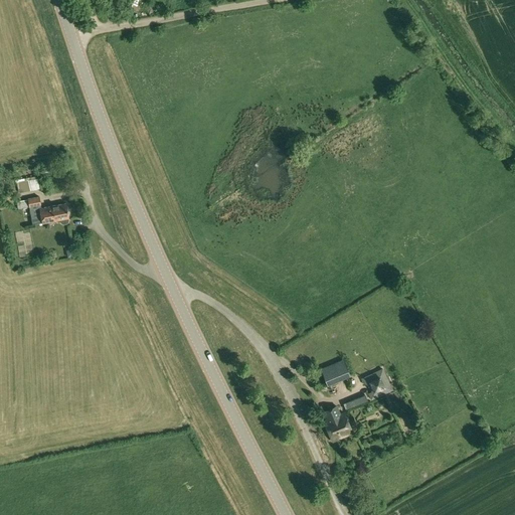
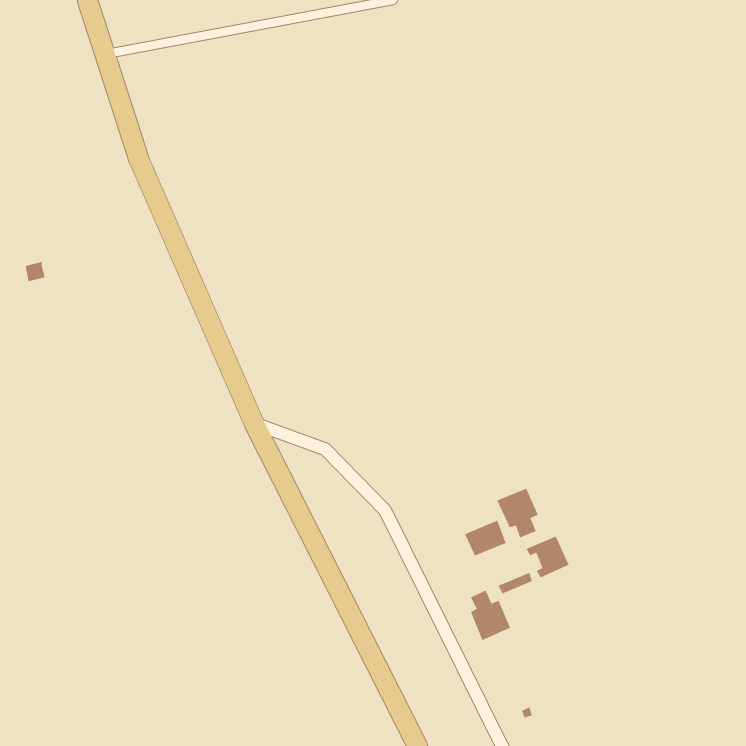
building: [27,196,68,224] -> none
building: none -> [497,488,538,538]

